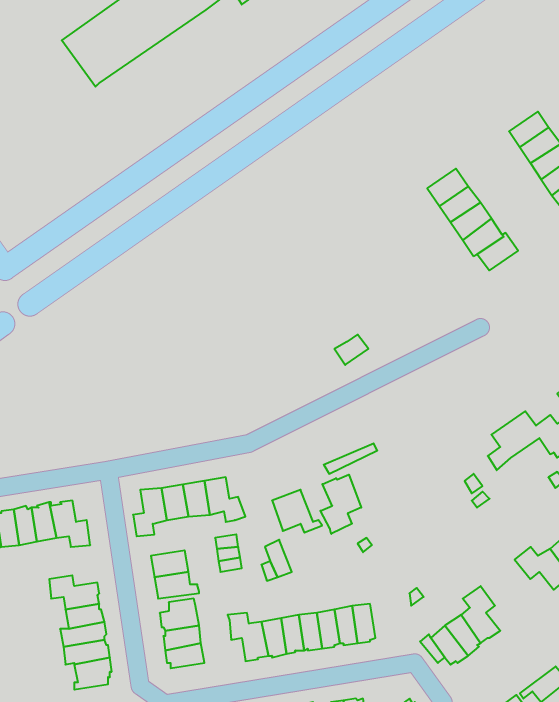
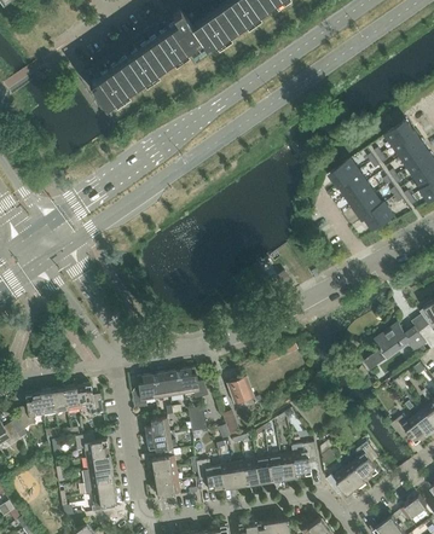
building: [320,475,361,534] -> none
building: none -> [293,445,318,478]

